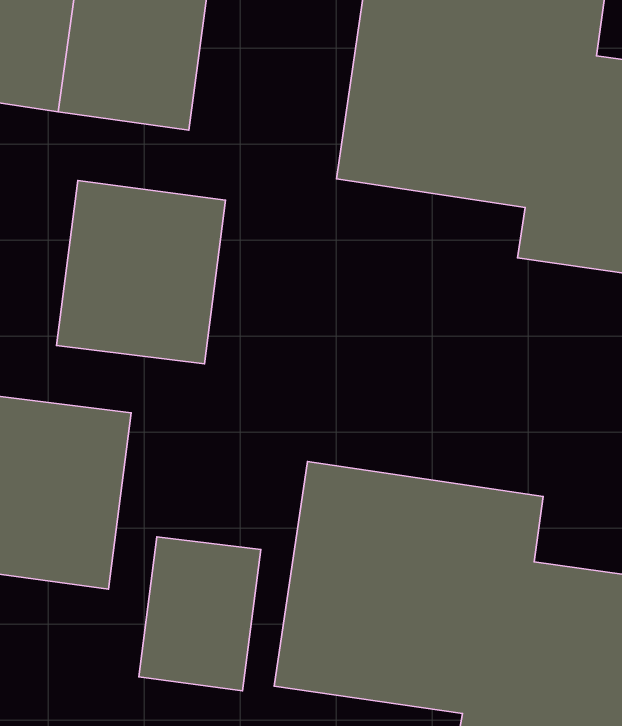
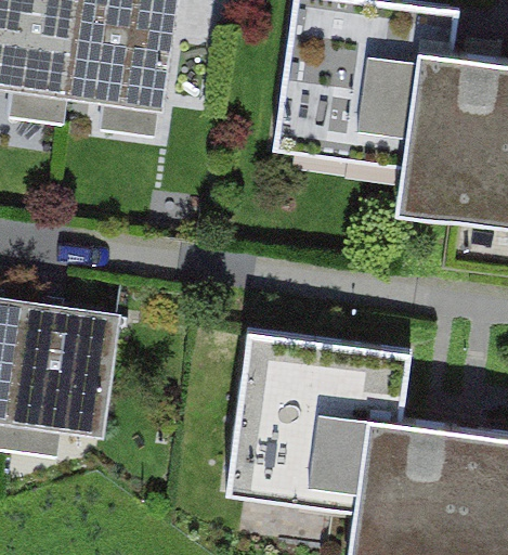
building: [56,180,225,364] -> none
building: [139,537,261,691] -> none

